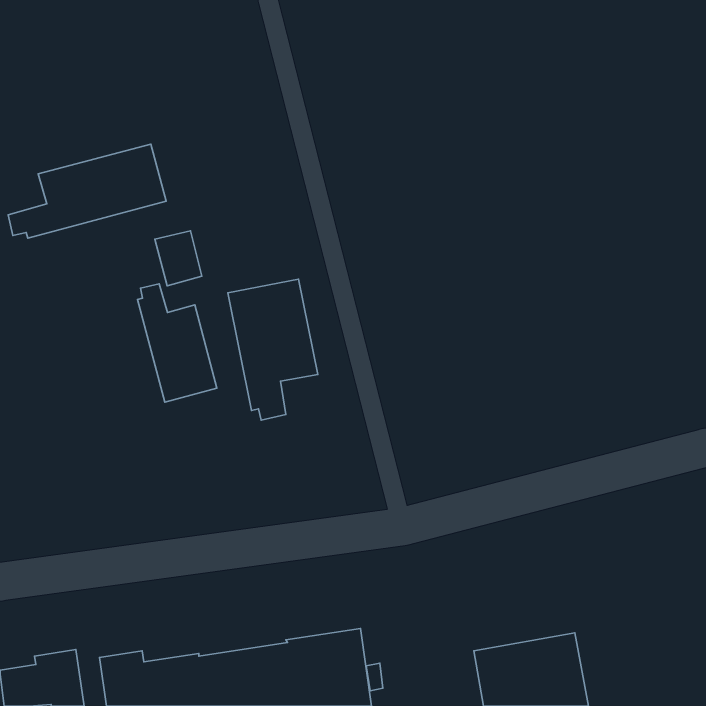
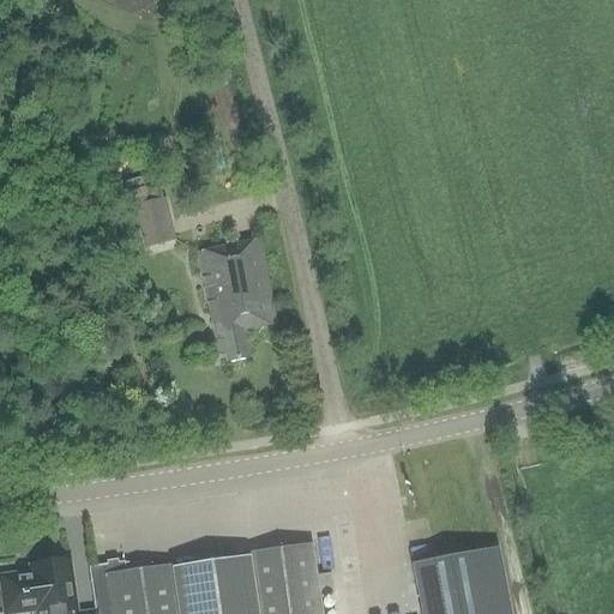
building: [8,144,166,238] -> none
building: [138,284,217,402] -> none

